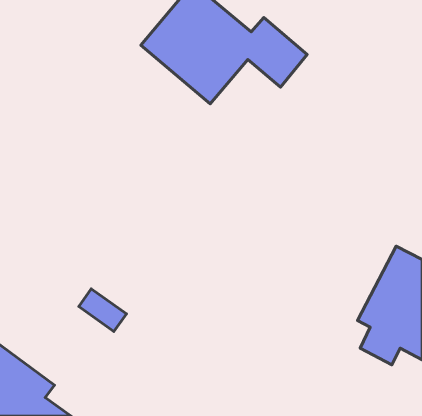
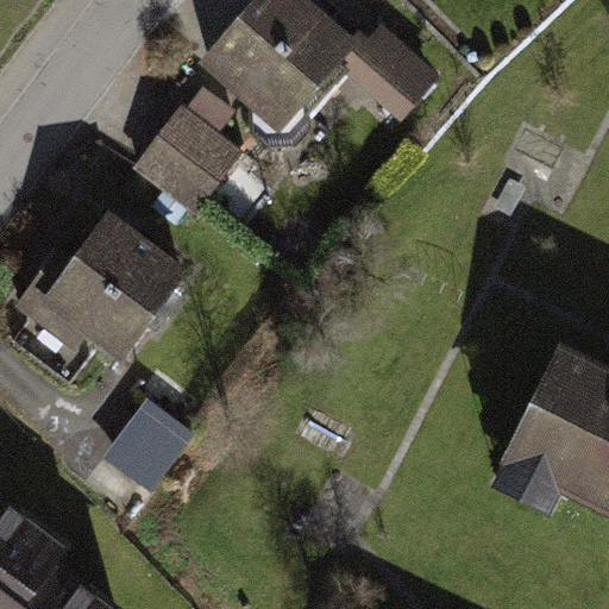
building: none -> [136,103,238,206]
building: none -> [43,214,183,357]

